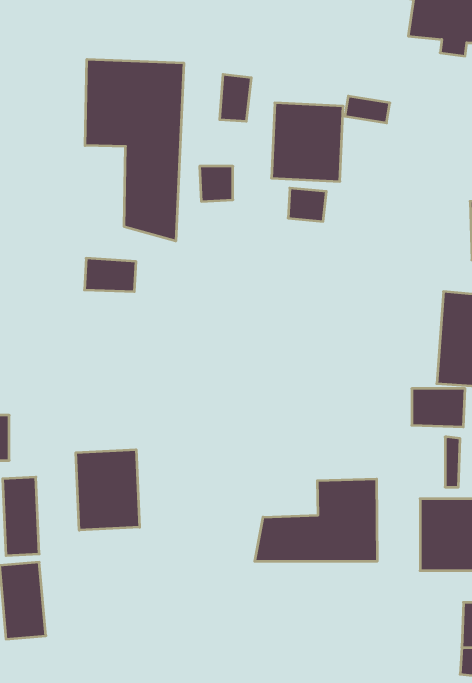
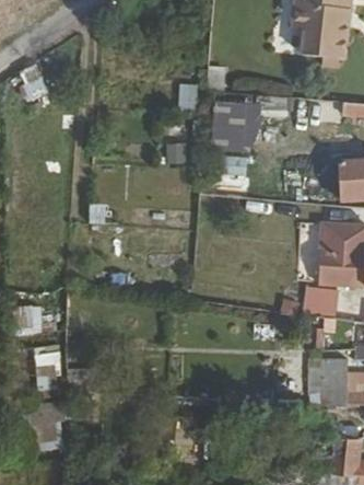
building: [85,59,184,241] -> none
building: [76,450,140,530] -> none
building: [255,479,377,561] -> none

